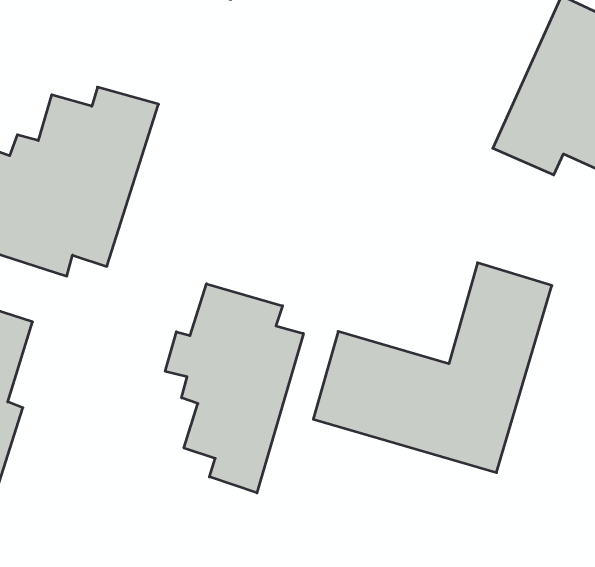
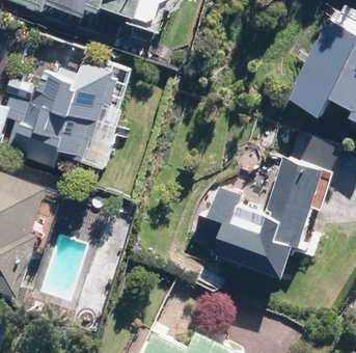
building: [165,284,303,493] -> none

